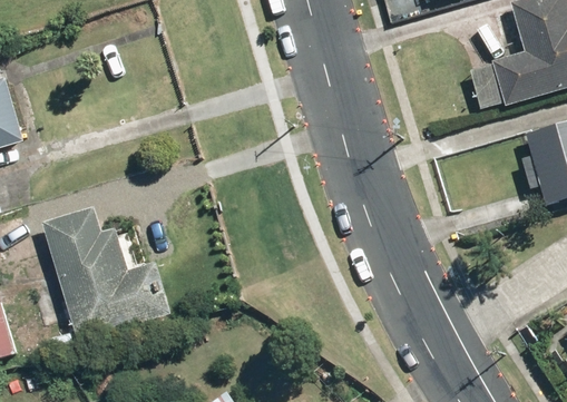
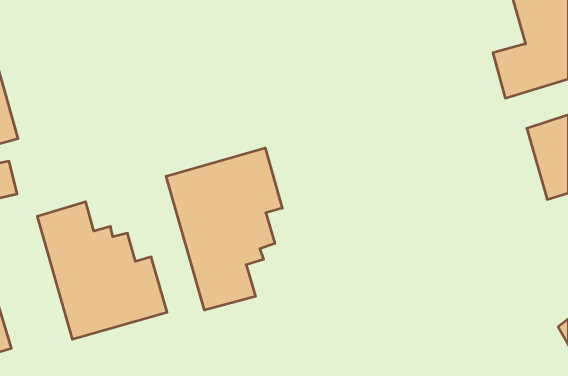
building: none -> [166,148,282,310]

